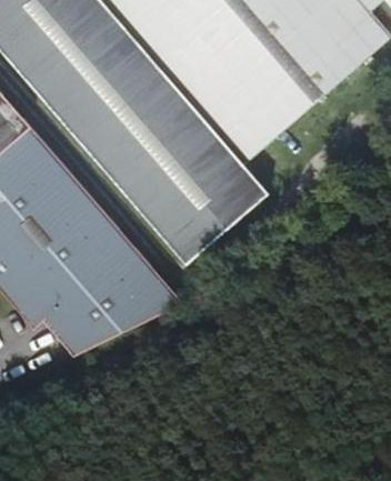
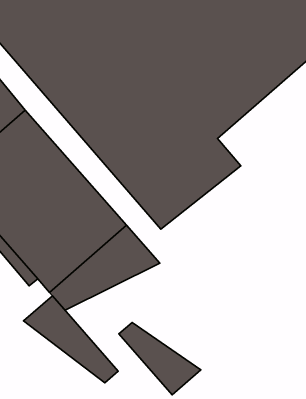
building: none -> [24,296,118,383]
building: none -> [119,322,201,395]

